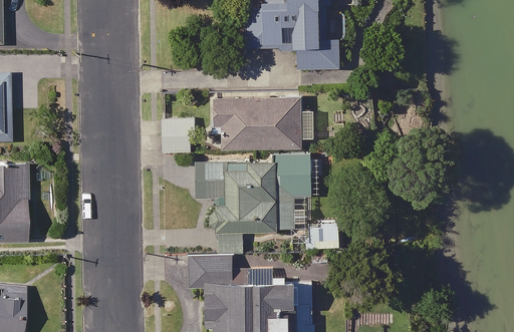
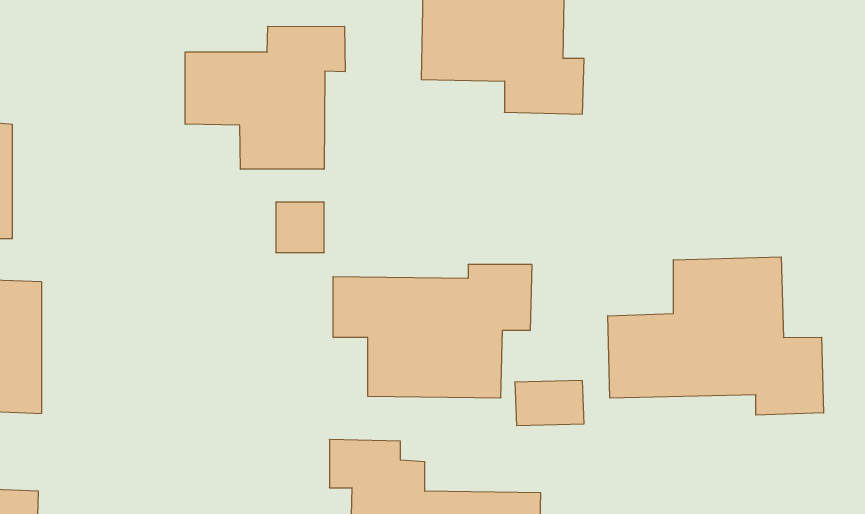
building: none -> [185,26,345,169]
building: [214,97,314,149] -> none
building: none -> [608,257,824,415]

